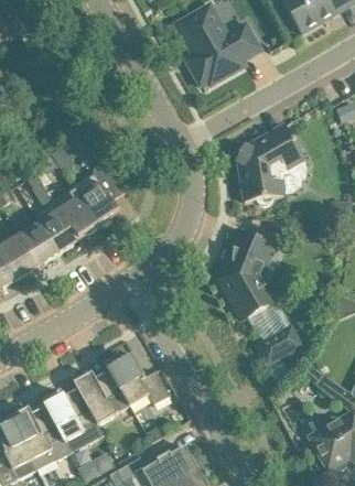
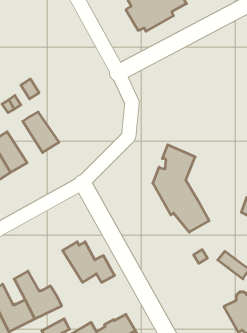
building: [237,123,305,203] -> none
building: [74,159,125,226] -> none
building: [34,199,79,252] -> none
building: [258,326,301,361] -> none
building: [74,372,130,423] -> none

